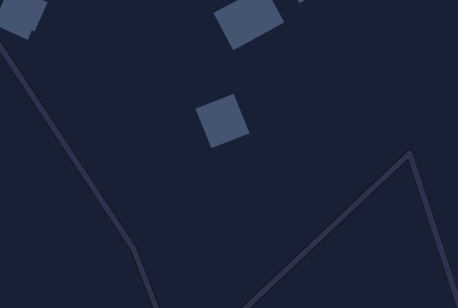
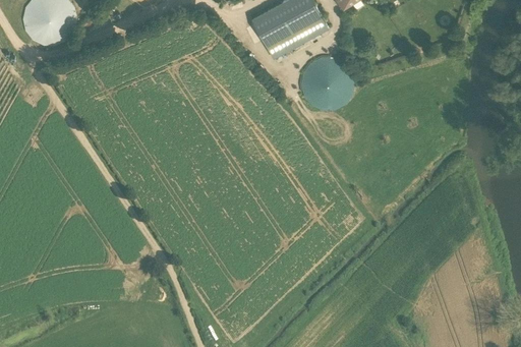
building: [195,93,251,149] -> [297,54,356,113]

